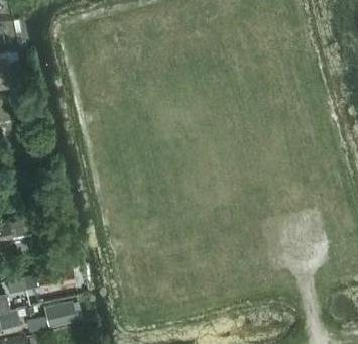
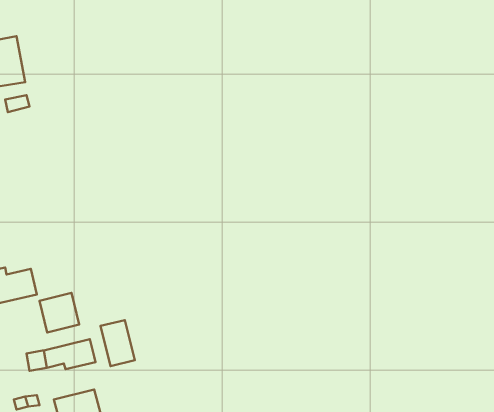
building: none -> [39,293,79,333]
building: none -> [101,320,135,366]

